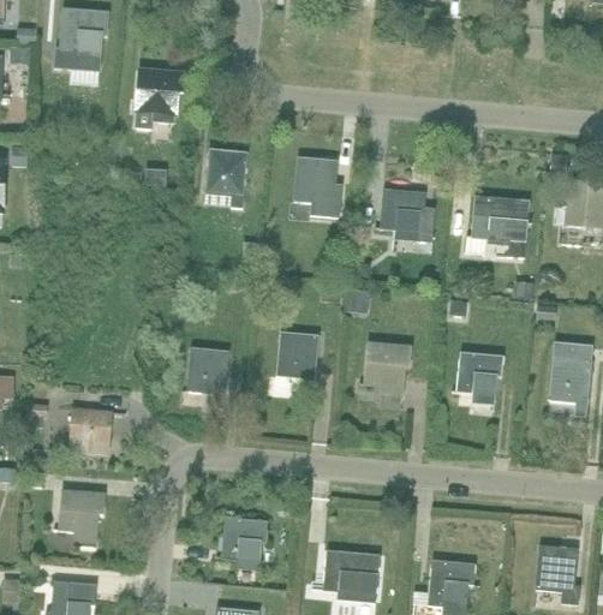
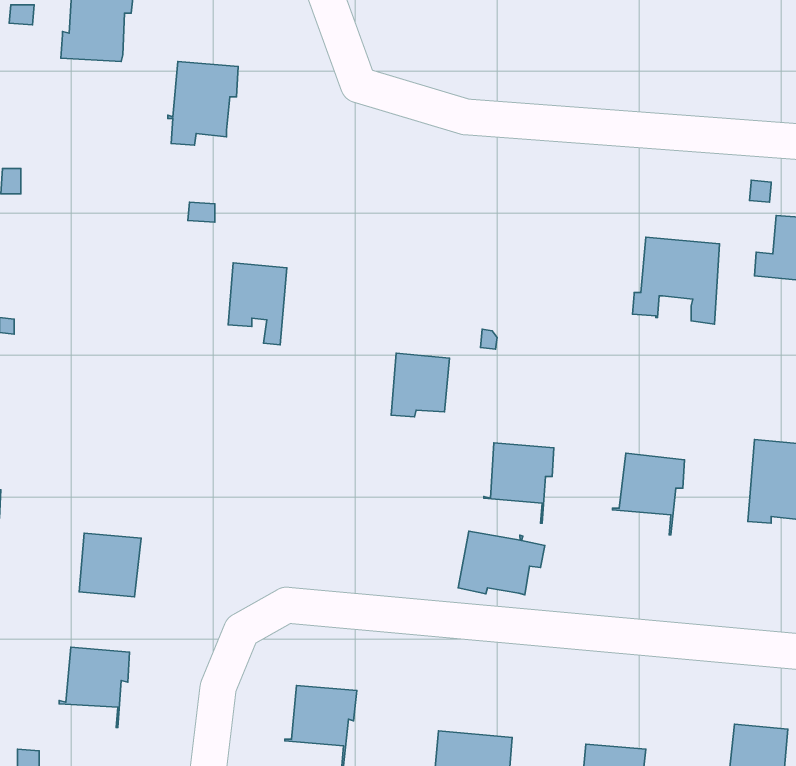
building: [205,149,247,208] -> [228,263,287,345]
building: [294,157,341,217] -> none
building: [375,189,435,243] -> none
building: [276,332,318,377] -> [391,353,450,417]
building: [186,347,229,408] -> none
building: none -> [458,531,545,595]

